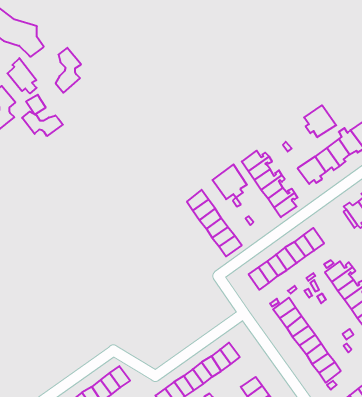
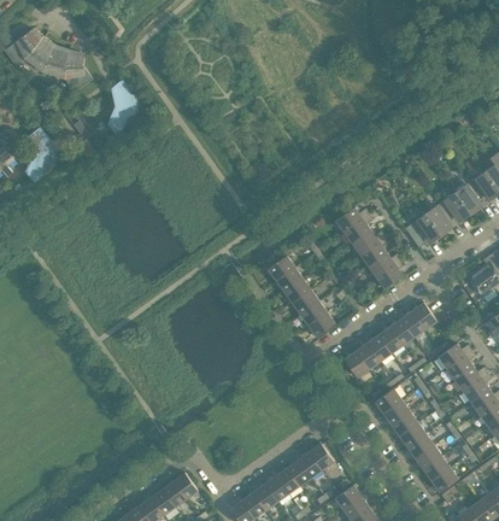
building: [7,58,37,93] -> none
building: [304,105,336,137] -> none
building: [22,112,63,136] -> none
building: [212,164,247,199] -> none

